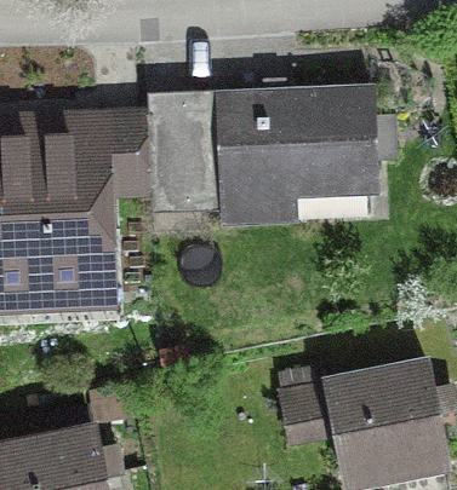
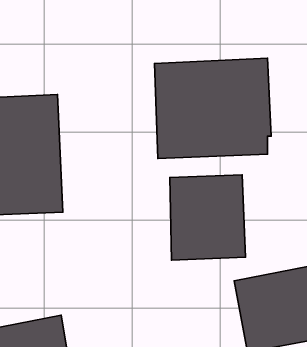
building: [97,114,196,190] -> none
building: none -> [170,175,245,260]

